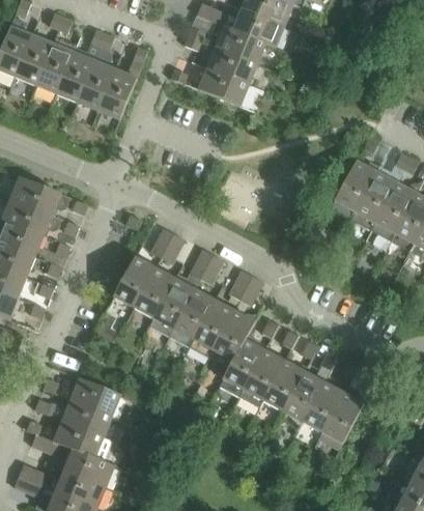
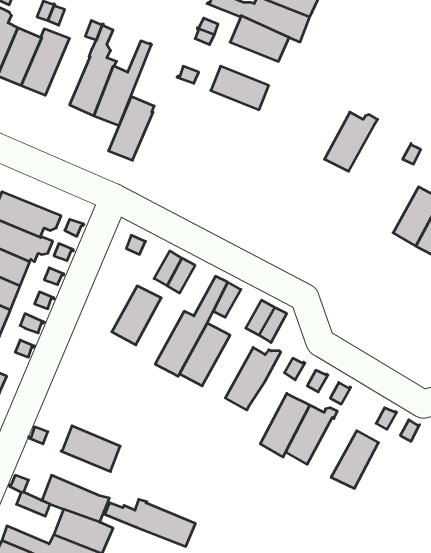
building: [56,47,95,102] -> [108,96,154,160]
building: [206,48,256,85] -> none
building: [334,161,379,211] -> [324,112,378,171]
building: [134,267,175,318] -> none
building: [191,300,234,353] -> none
building: [220,339,266,393] -> none
building: [281,350,338,427] -> none
building: [318,392,364,449] -> none
building: [33,396,112,436] -> [104,499,195,546]

